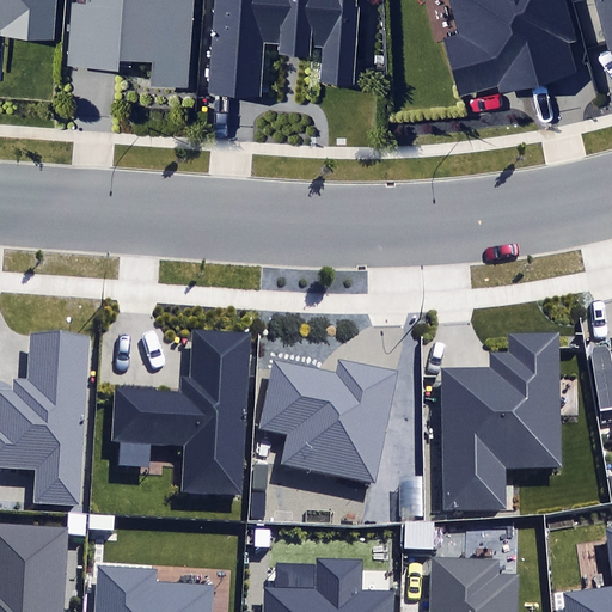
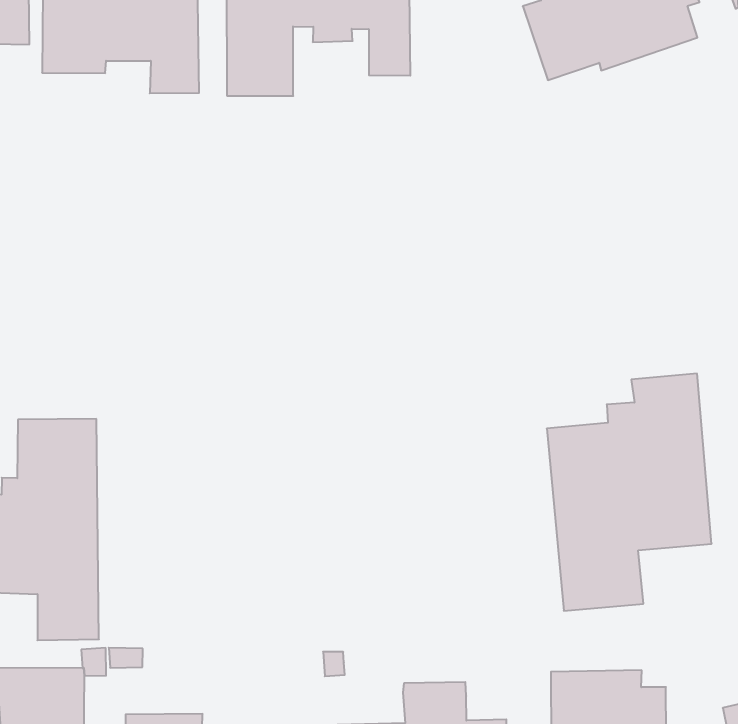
building: [114,329,251,496] -> none
building: [259,359,398,483] -> none

